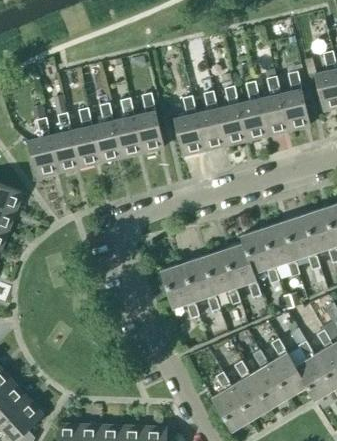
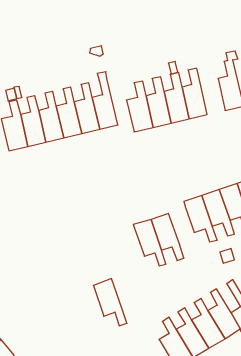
building: [260,68,289,135] -> none
building: [223,243,262,298] -> none
building: [161,263,200,318] -> [93,279,127,326]

